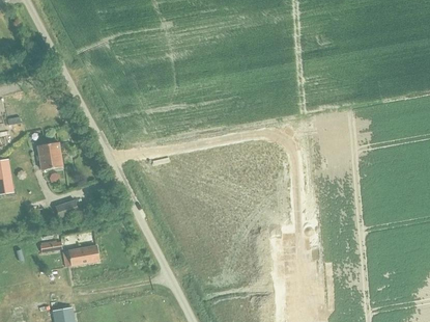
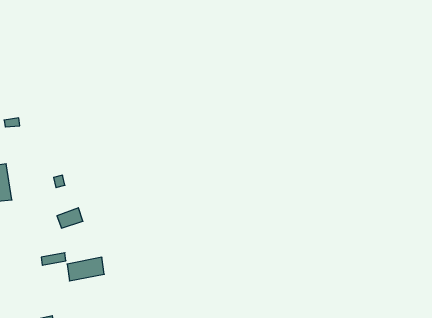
building: [37,141,61,168] -> none

